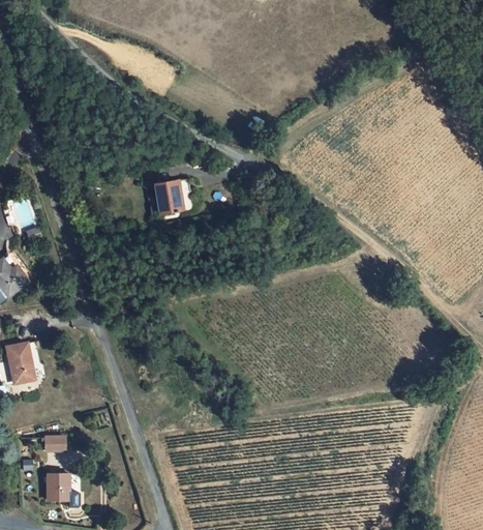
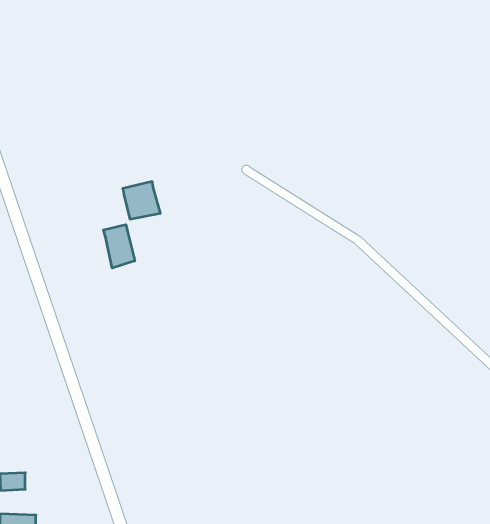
building: none -> [103,225,135,268]

